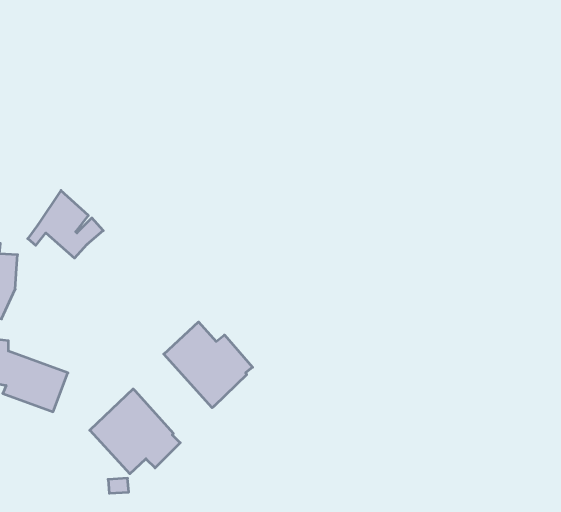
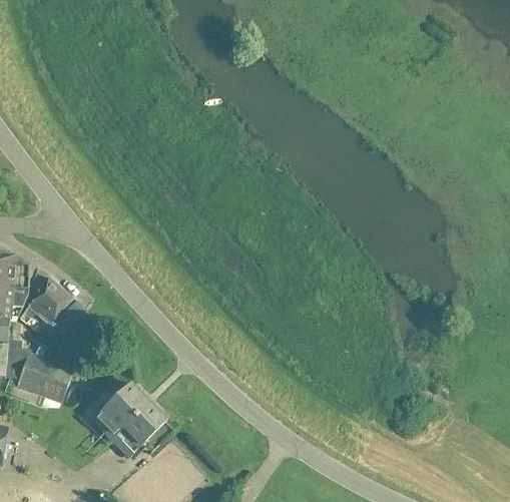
building: [28,190,103,258] -> [11,272,77,331]
building: [164,322,253,408] -> none

